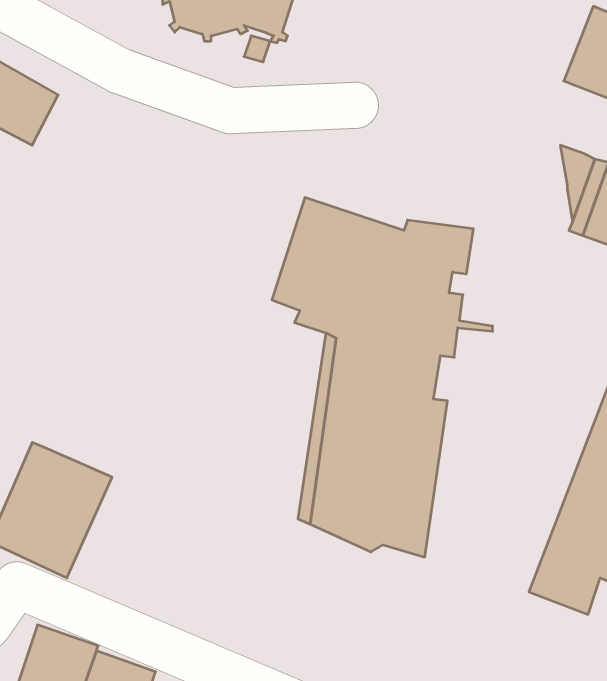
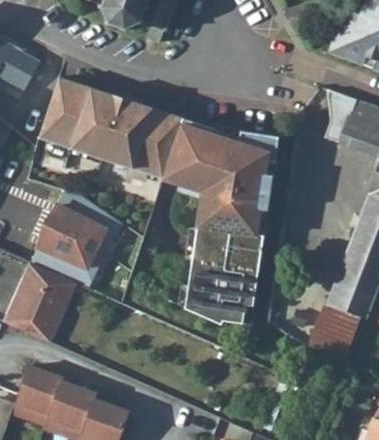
building: none -> [38,78,181,179]
building: none -> [31,190,122,289]

